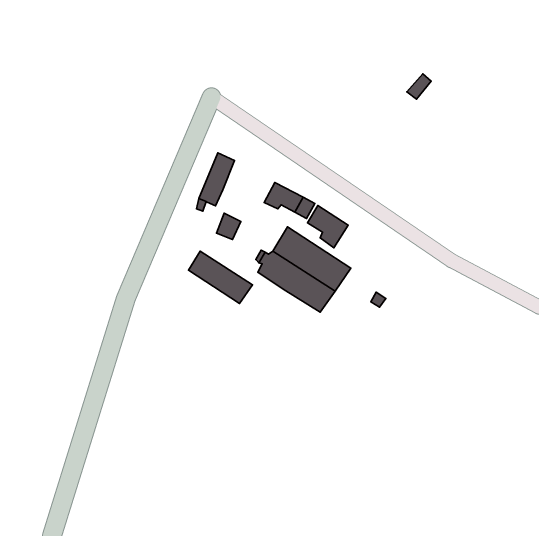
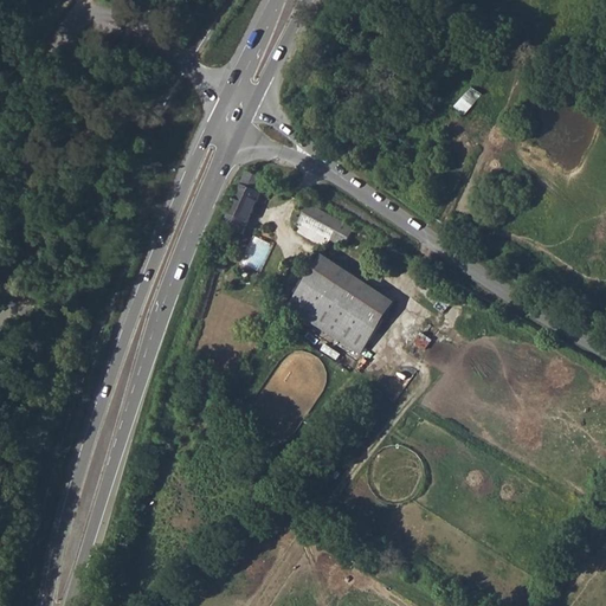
building: [308,206,348,248] -> none
building: [188,251,252,304] -> none

